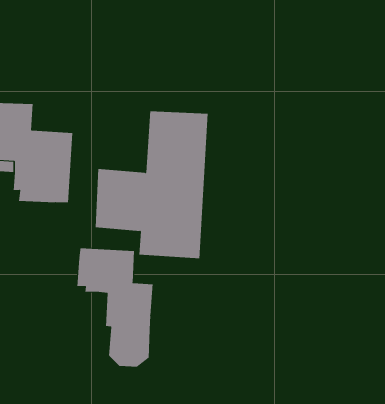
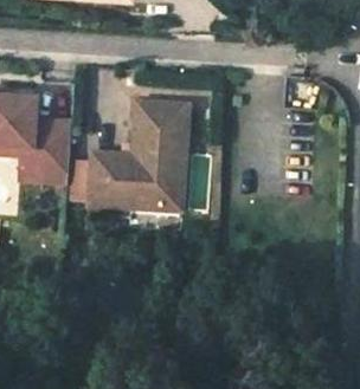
building: [77,248,153,368] -> none

